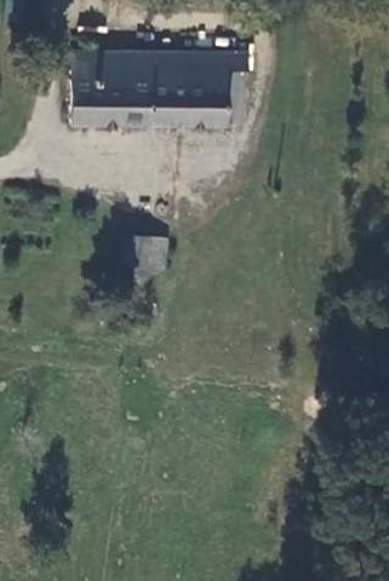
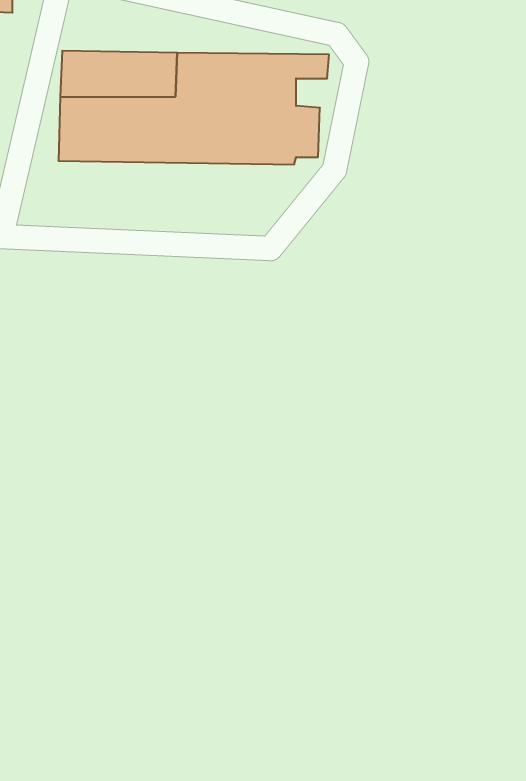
building: [122,232,170,286] -> none

